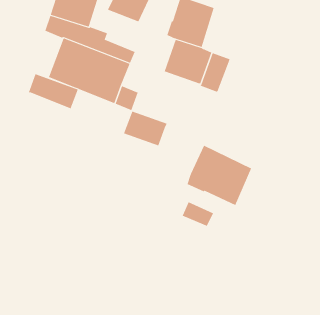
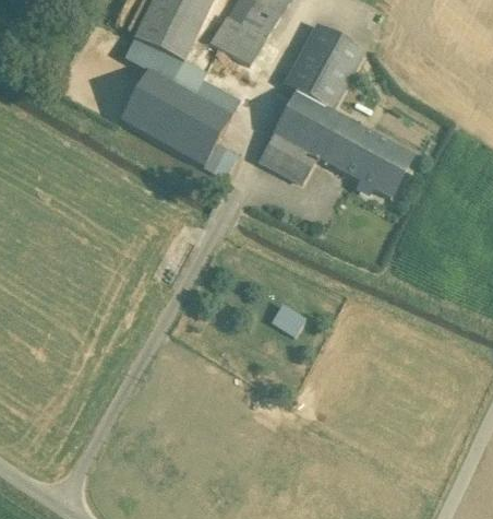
building: none -> [340,127,413,196]
building: [24,74,79,109] -> none
building: [123,111,168,146] -> [258,131,318,182]
building: [187,145,252,206] -> none

